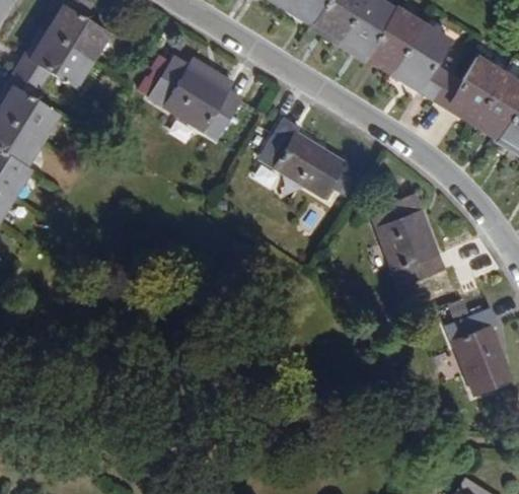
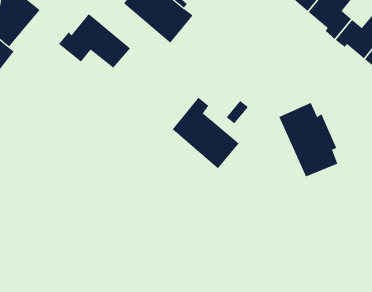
building: [250,110,337,195] -> [172,97,239,169]
building: none -> [58,13,131,69]
building: [442,293,505,384] -> none

